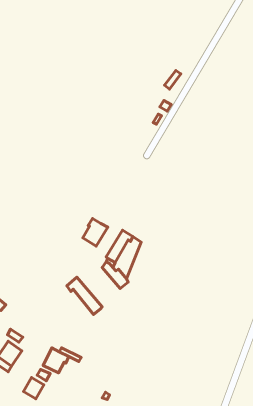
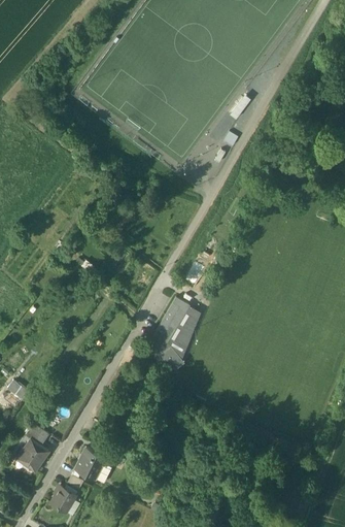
building: [83,218,108,246] -> none
building: [67,277,102,314] -> none

